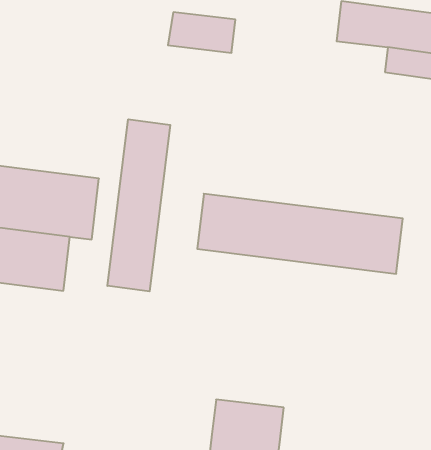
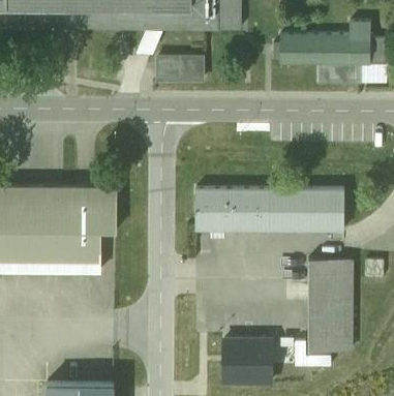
building: [107,119,170,291] -> none
building: none -> [307,258,352,349]

